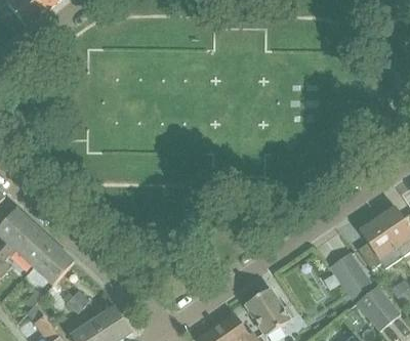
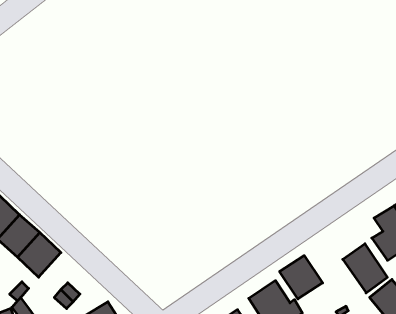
building: none -> [280,256,323,299]

